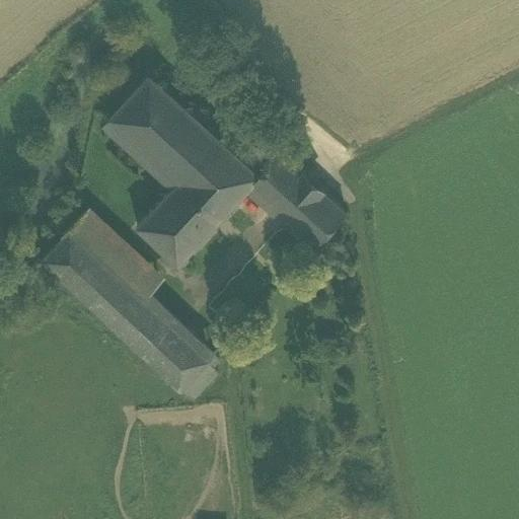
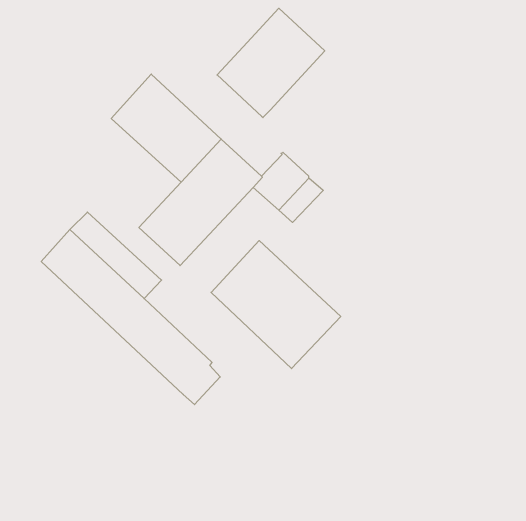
building: none -> [217,8,325,118]
building: [288,193,346,248] -> none
building: none -> [211,241,341,369]

